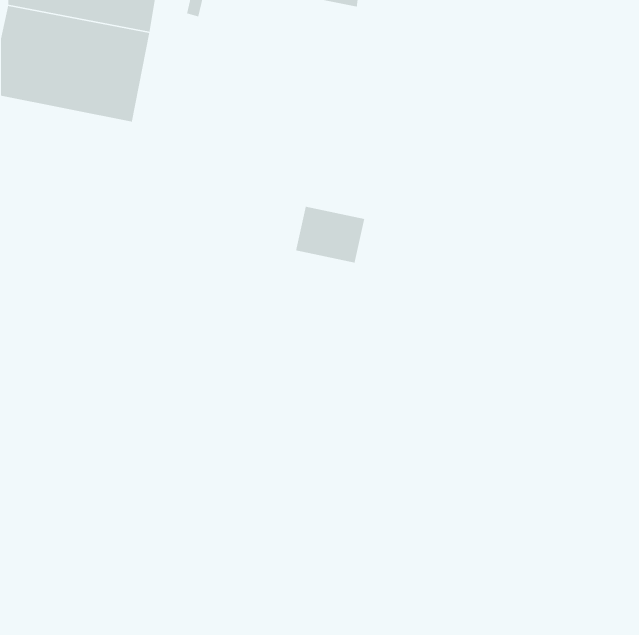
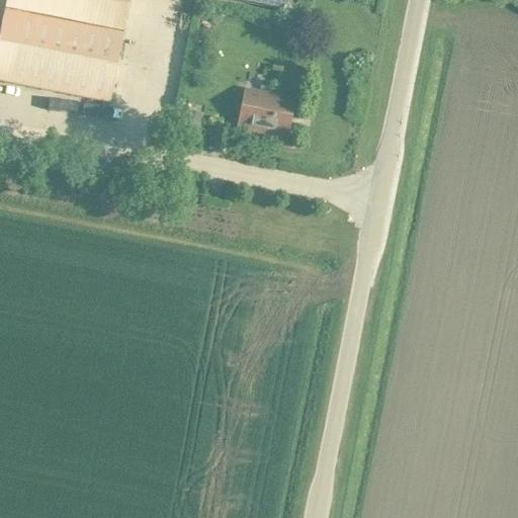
building: [295,206,365,263] -> [237,88,293,135]

